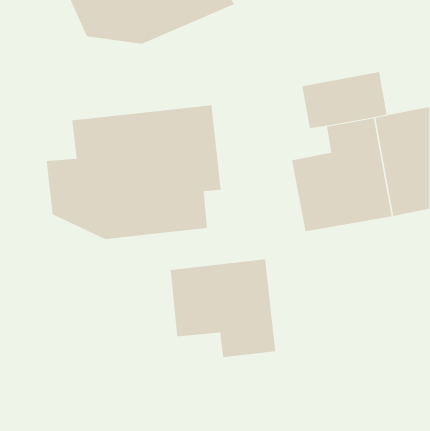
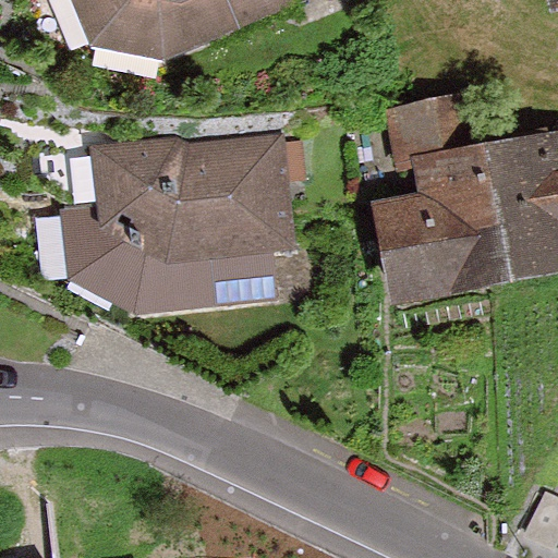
building: [170,259,276,358] -> none

